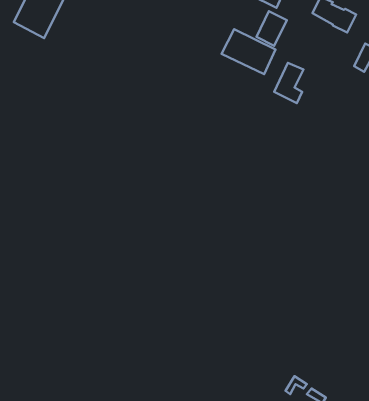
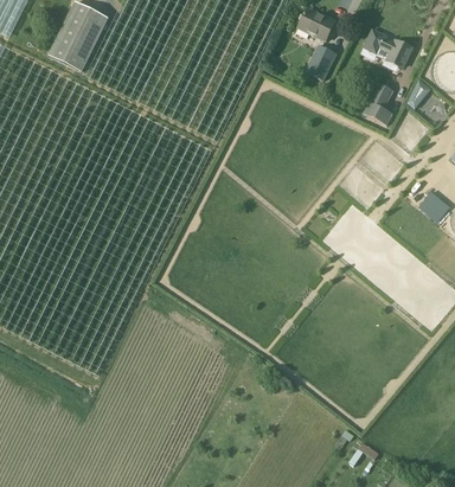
building: [222,29,276,74] -> none
building: [274,63,303,103] -> [363,83,393,126]

